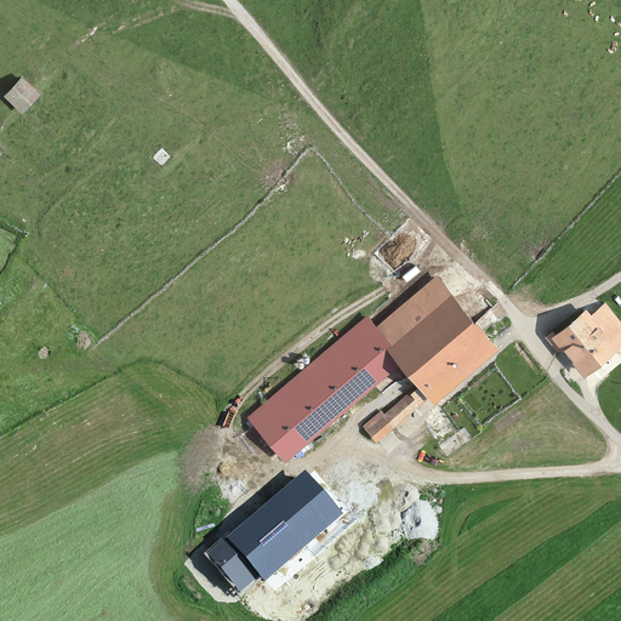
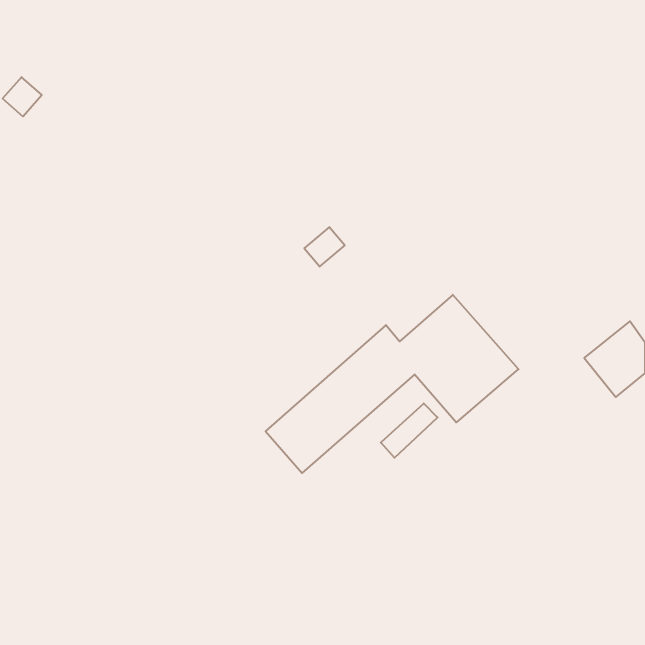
building: none -> [304,227,345,267]
building: [212,474,337,583] -> none

